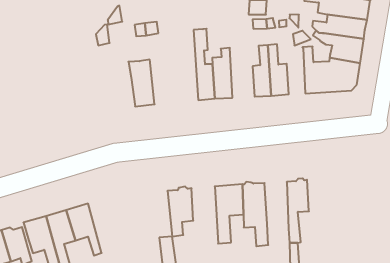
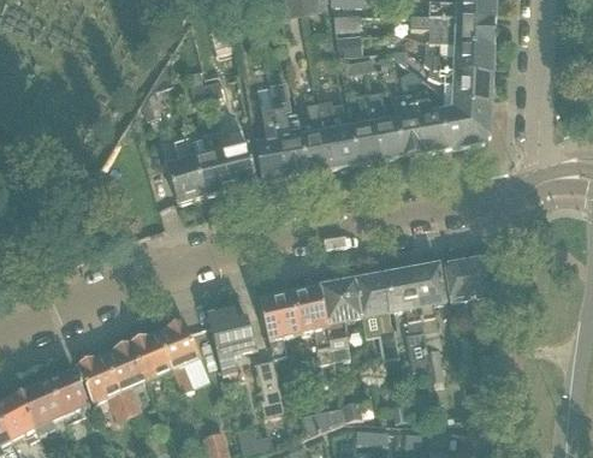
building: none -> [250,84,285,179]
building: none -> [319,100,358,167]
building: none -> [392,90,425,154]
building: none -> [215,123,257,188]
building: none -> [165,136,203,202]
building: none -> [445,256,493,322]
building: none -> [385,268,423,334]
building: none -> [290,286,333,363]
building: none -> [207,305,255,373]
building: none -> [156,317,200,391]

